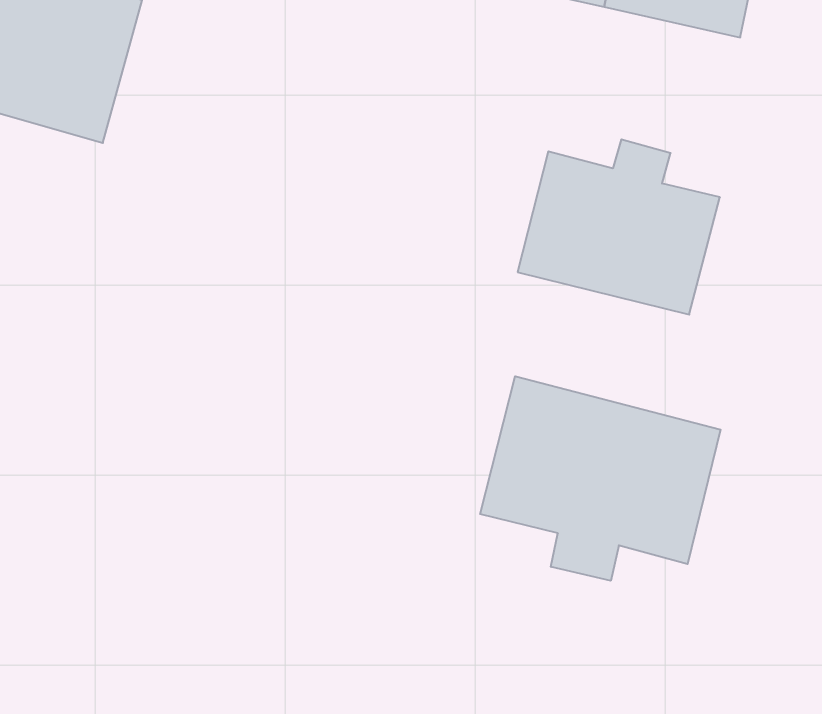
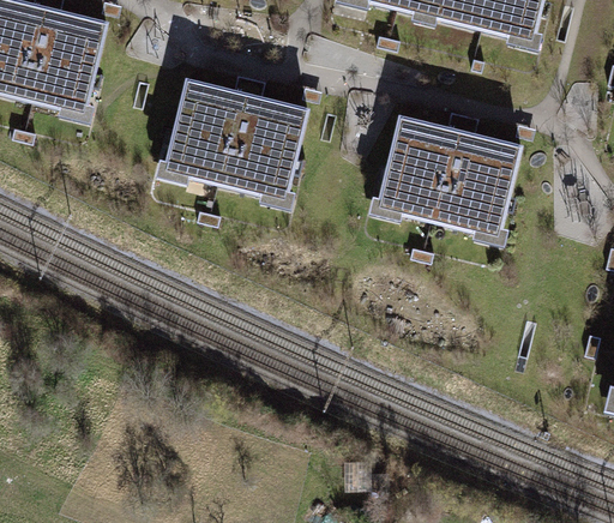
building: none -> [161,72,307,210]
building: [480,376,721,581] -> none

